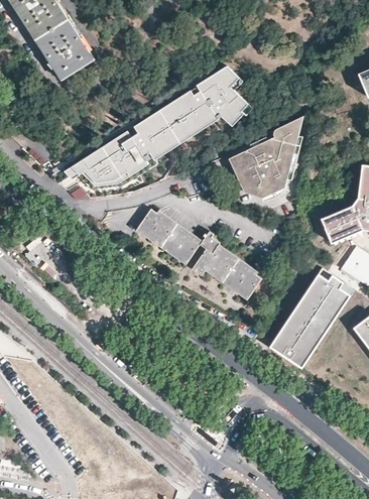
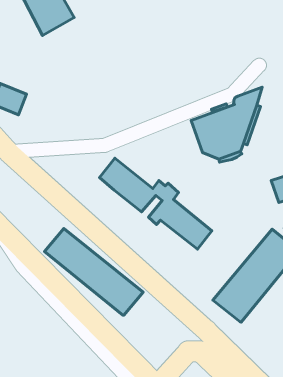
building: [60,68,251,192] -> none
building: none -> [45,228,143,315]

